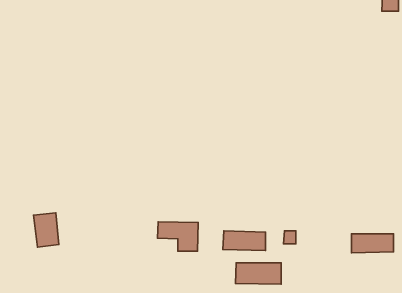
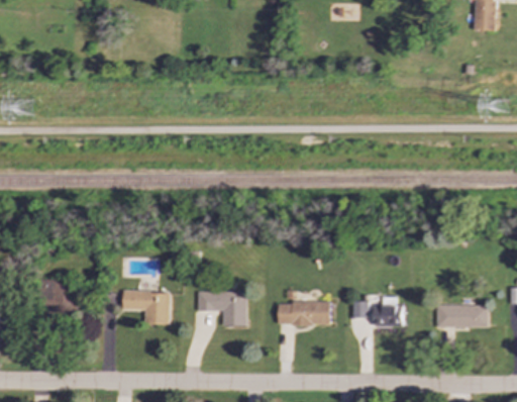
building: none -> [121,290,169,324]
building: none -> [373,304,401,325]
building: [235,263,281,284] -> none

